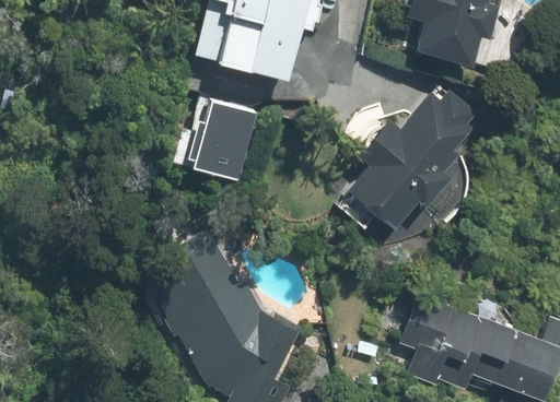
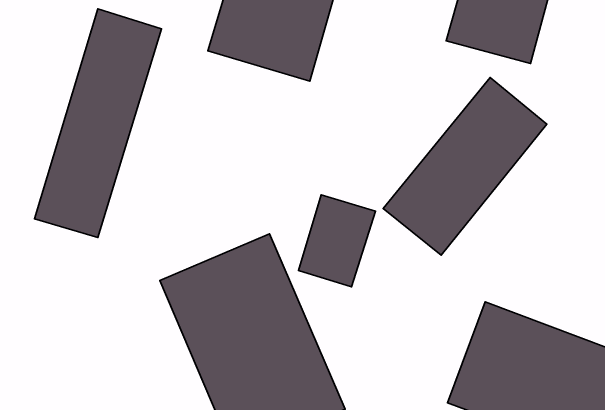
building: none -> [34,9,162,238]
building: [194,100,260,180] -> [299,195,376,287]

